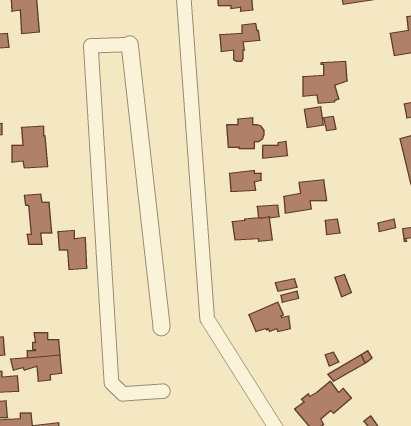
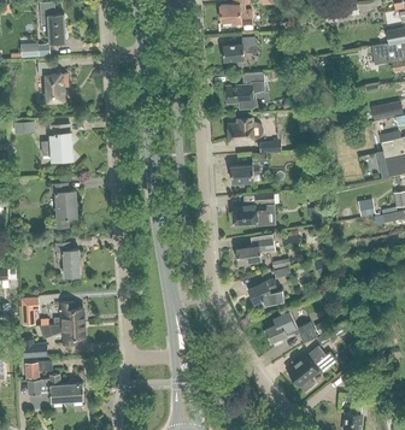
building: none -> [37,63,69,101]
building: [303,62,347,103] -> [227,73,265,110]
building: [284,180,327,213] -> [237,235,275,264]
building: [58,231,87,269] -> [55,243,81,277]
building: none -> [266,311,317,343]

